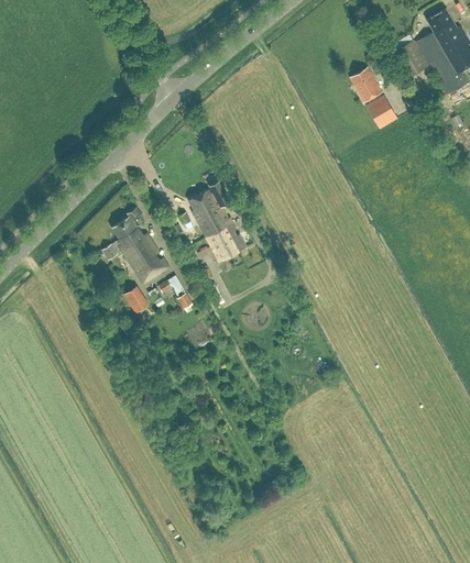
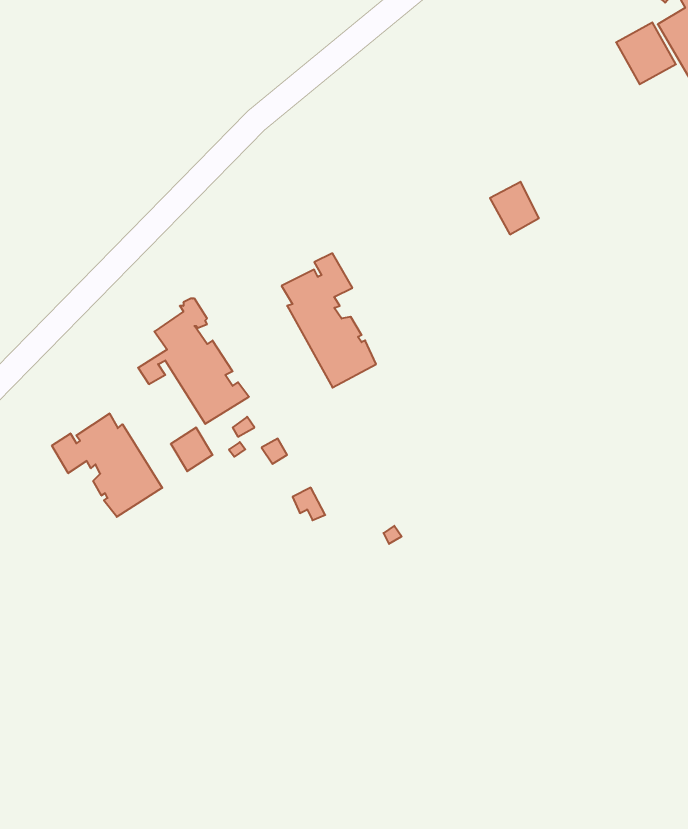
building: [349,67,381,102] -> none
building: [367,97,396,129] -> [490,182,539,234]
building: none -> [52,413,162,517]

